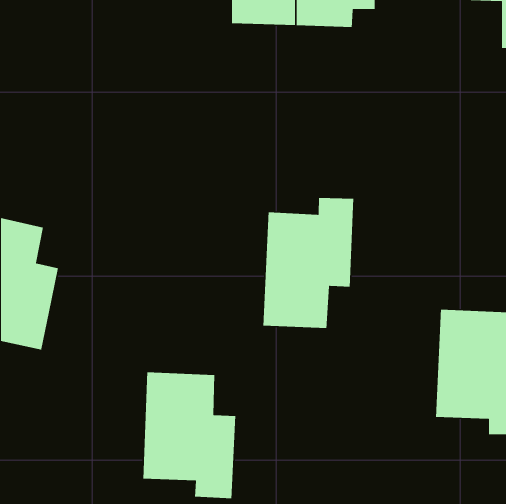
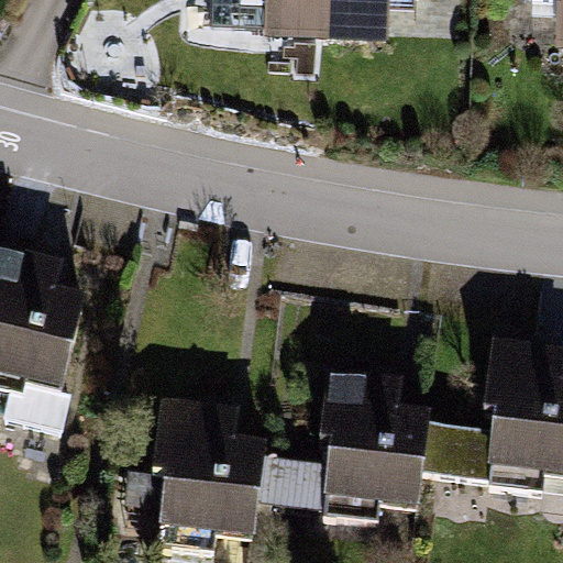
building: [262,197,354,329] -> none
building: none -> [319,372,422,512]

